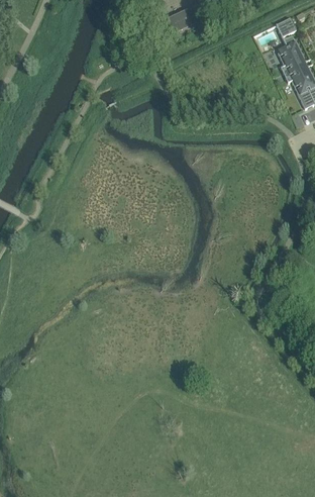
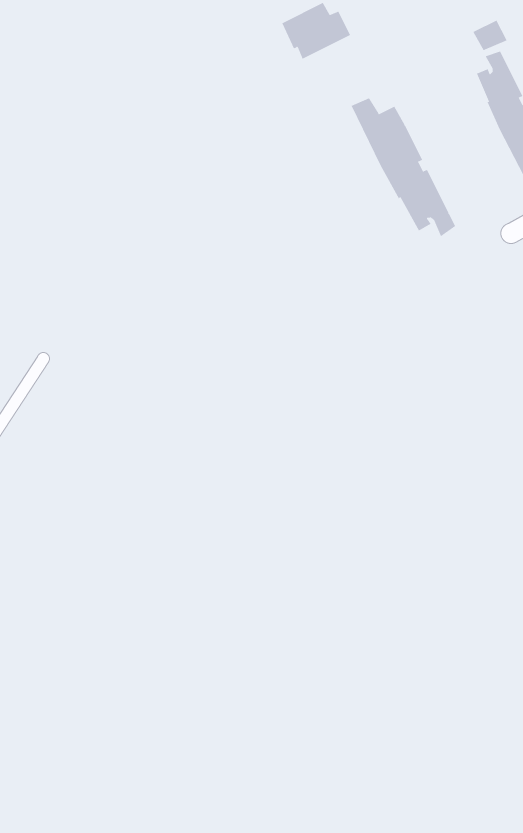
building: none -> [351,98,456,237]

